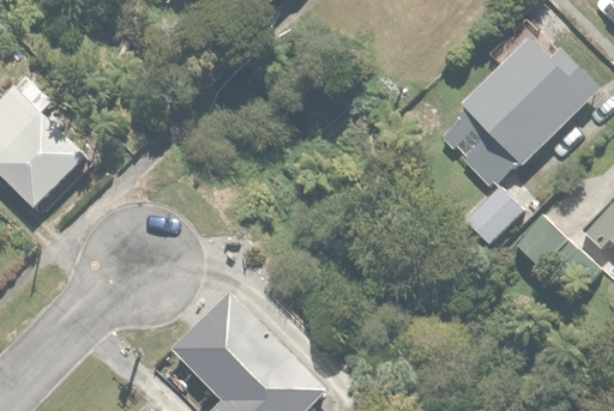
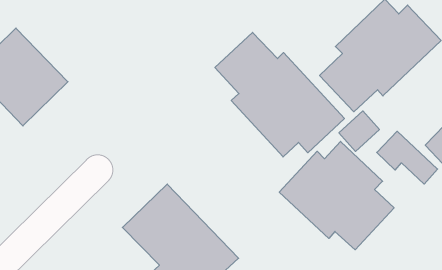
building: none -> [215,32,344,157]
building: none -> [279,141,394,250]

